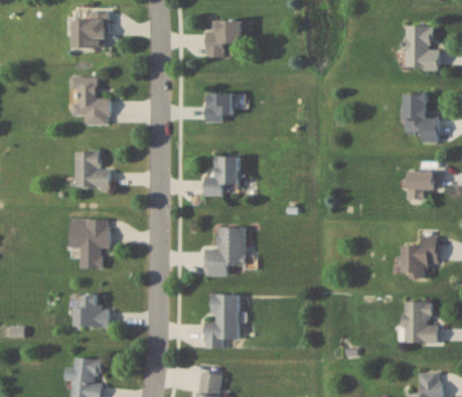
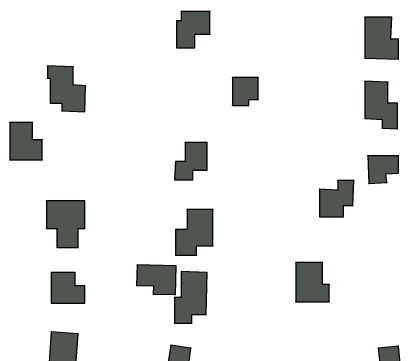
building: [71,13,108,48] -> none
building: [206,93,234,123] -> [232,78,258,105]
building: [75,152,110,191] -> [10,123,42,160]
building: [403,237,439,275] -> [320,181,354,217]
building: none -> [137,265,176,295]
building: [404,302,439,343] -> [296,263,329,302]

